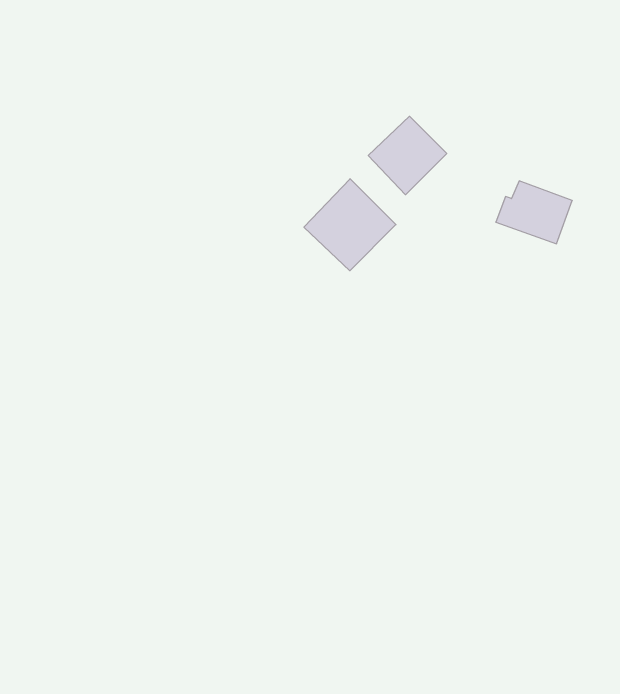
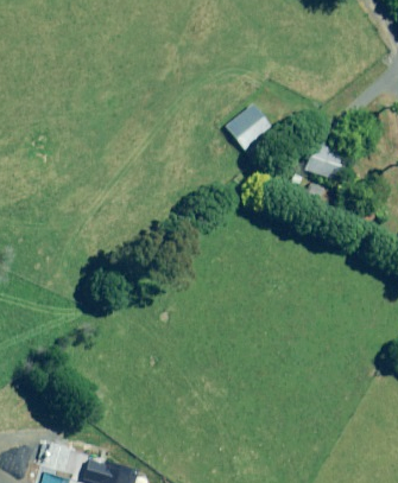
building: [304,179,396,271] -> none

